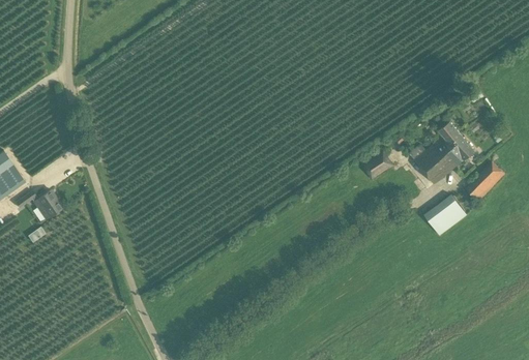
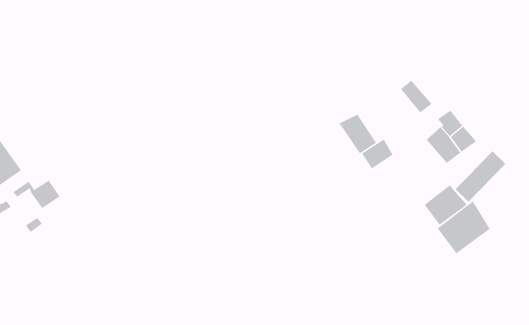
building: none -> [339,114,377,154]
building: [413,151,445,184] -> [400,80,432,113]
building: none -> [437,201,490,254]

